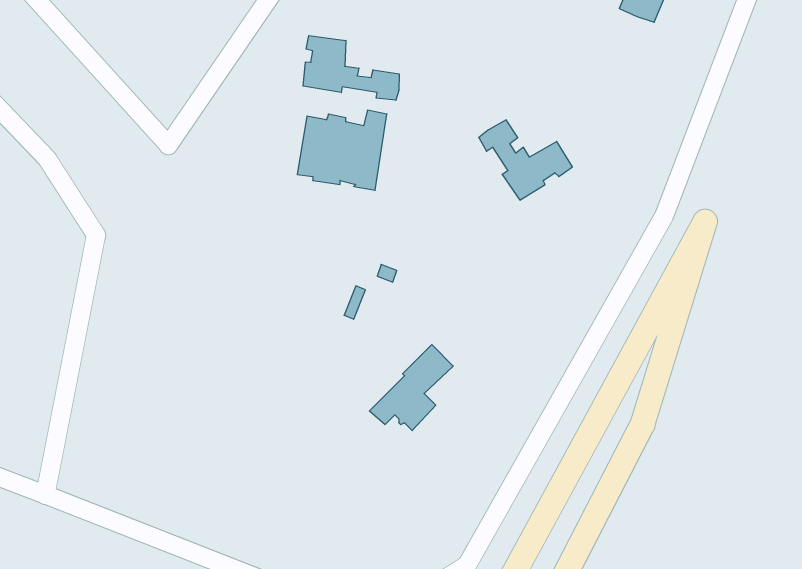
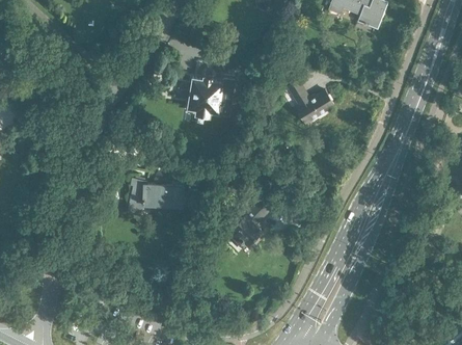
building: [303,36,399,100] -> none
building: none -> [128,177,183,215]

